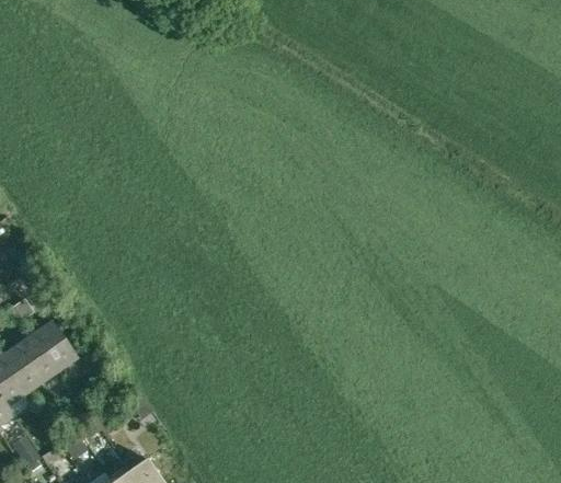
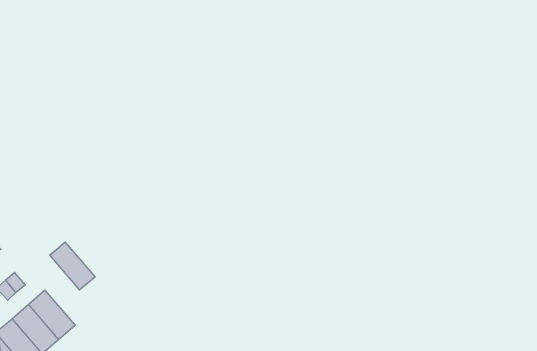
building: none -> [50,242,95,290]

